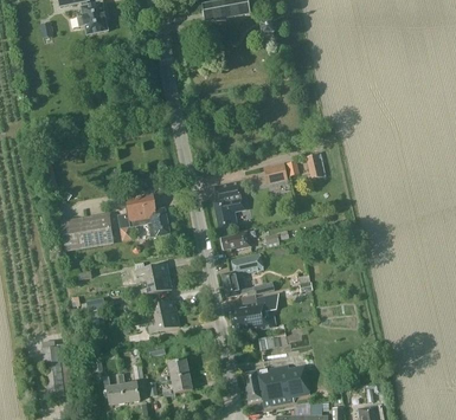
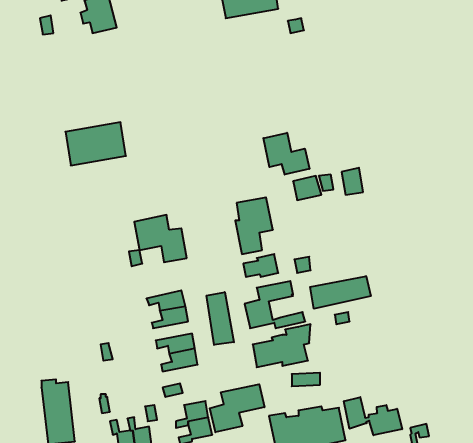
building: none -> [263,133,309,175]
building: [62,212,115,250] -> [65,122,126,165]
building: none -> [310,276,371,309]
building: none -> [207,292,234,345]
building: none -> [210,384,264,432]
building: none -> [344,397,402,435]

